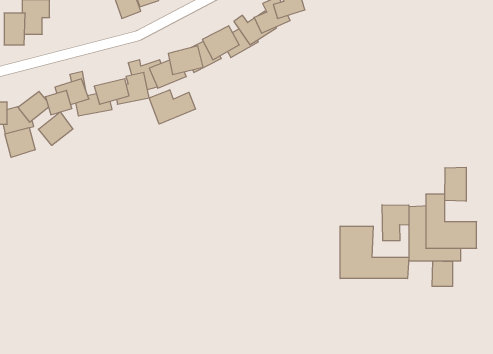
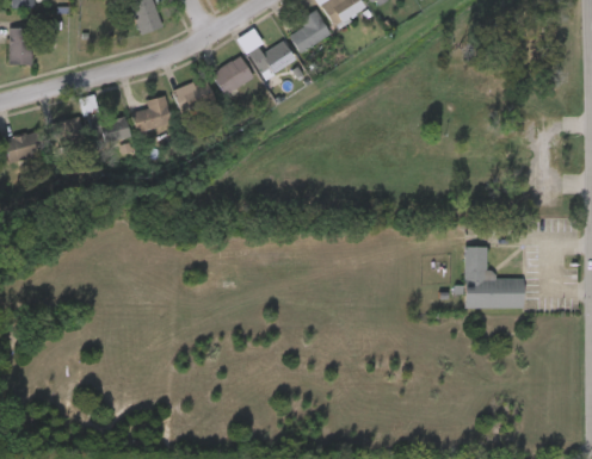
building: [149,90,196,124] -> none
building: [38,112,73,145] -> none
building: [5,128,35,157] -> none
building: [445,167,466,201] -> none
building: [382,205,409,241] -> none
building: [340,226,409,279] -> none
building: [432,261,453,286] -> none

